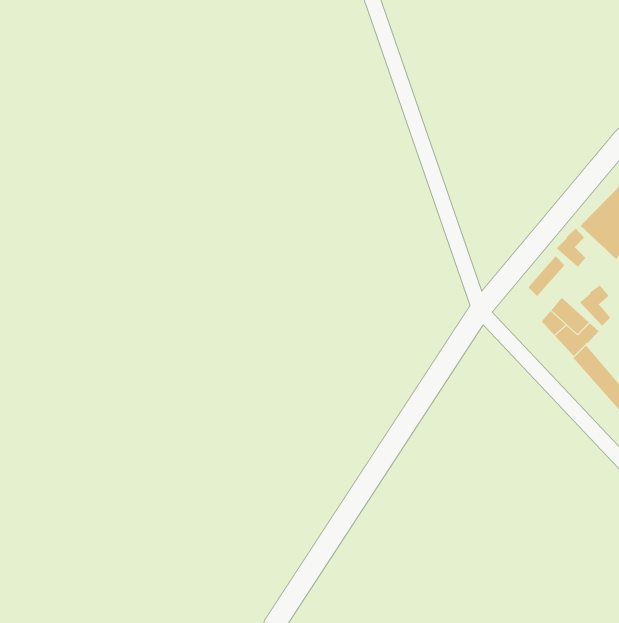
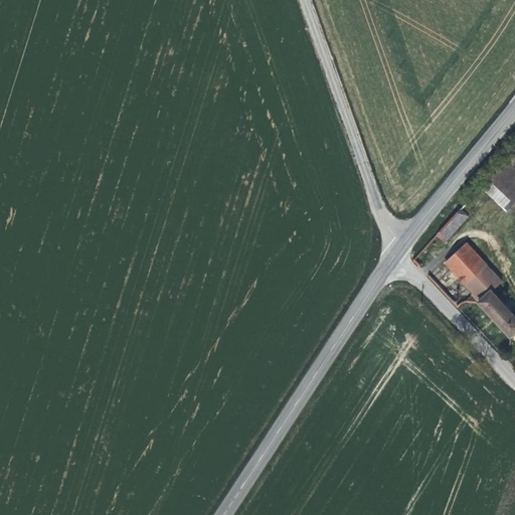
building: [556,228,586,268] -> none
building: [579,285,611,326] -> none

